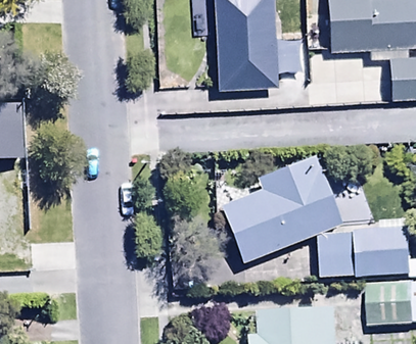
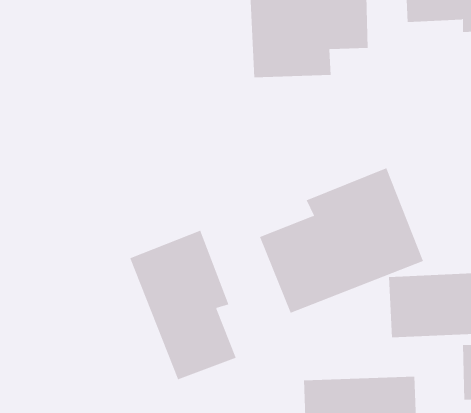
building: none -> [130,230,236,380]

